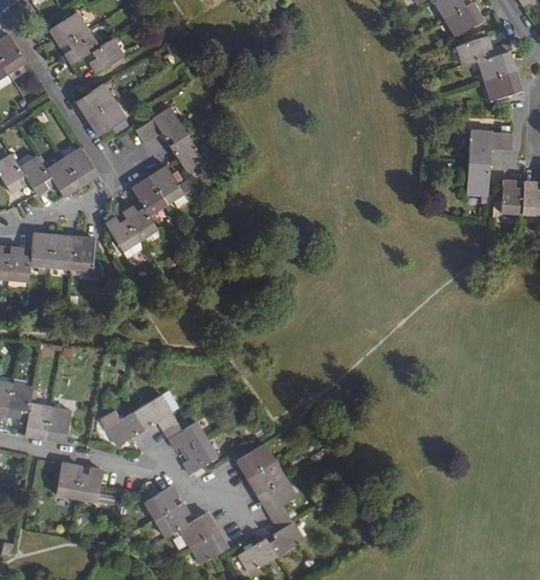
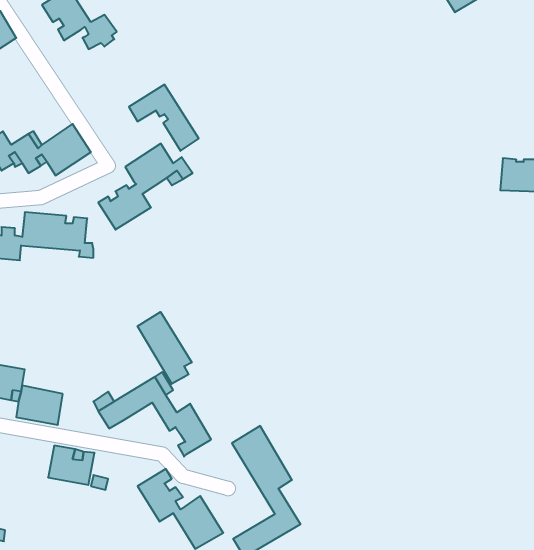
building: [456,35,520,99] -> none
building: [76,83,124,135] -> none
building: [466,129,511,194] -> none
building: none -> [138,312,192,384]

